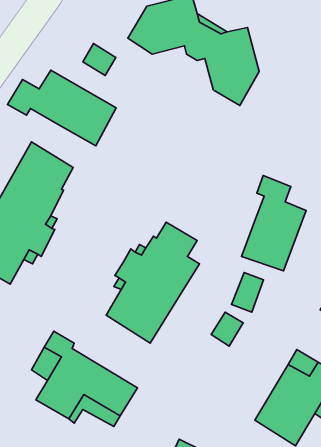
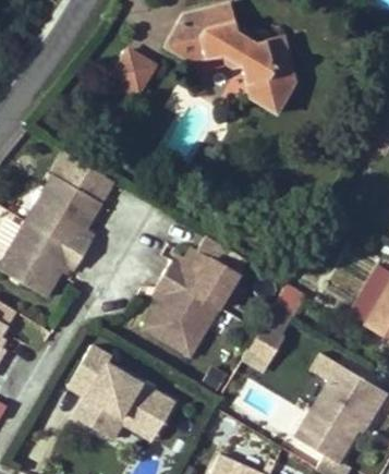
building: [8,70,116,146] -> none
building: [242,176,306,271] -> none

